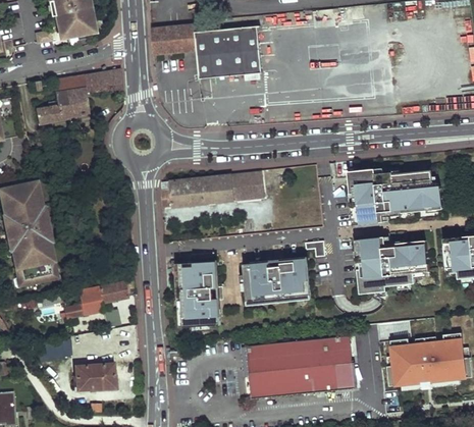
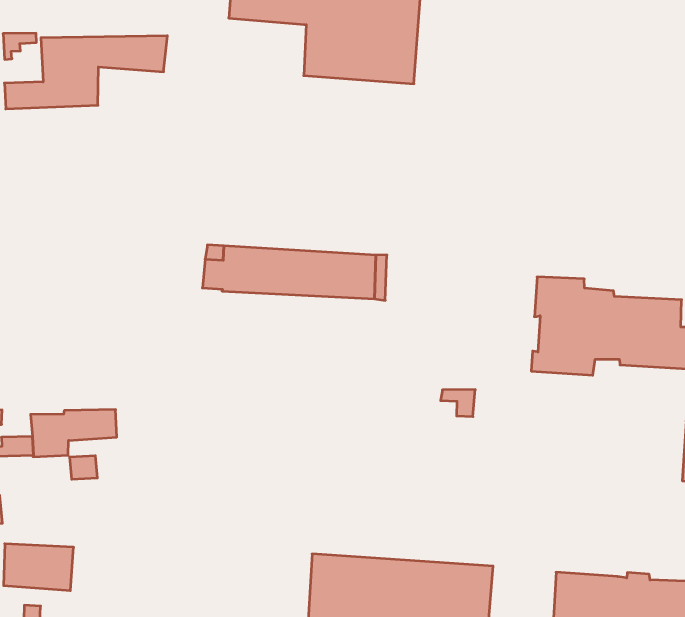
building: [356,235,430,292] -> none
building: [244,257,311,304] -> none
building: [176,259,221,327] -> none

